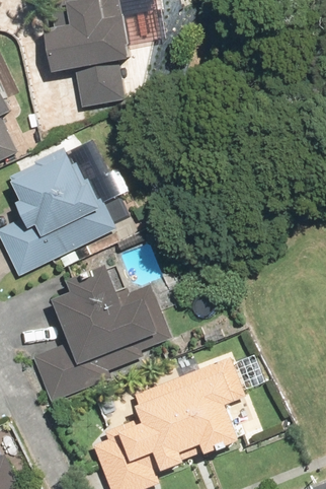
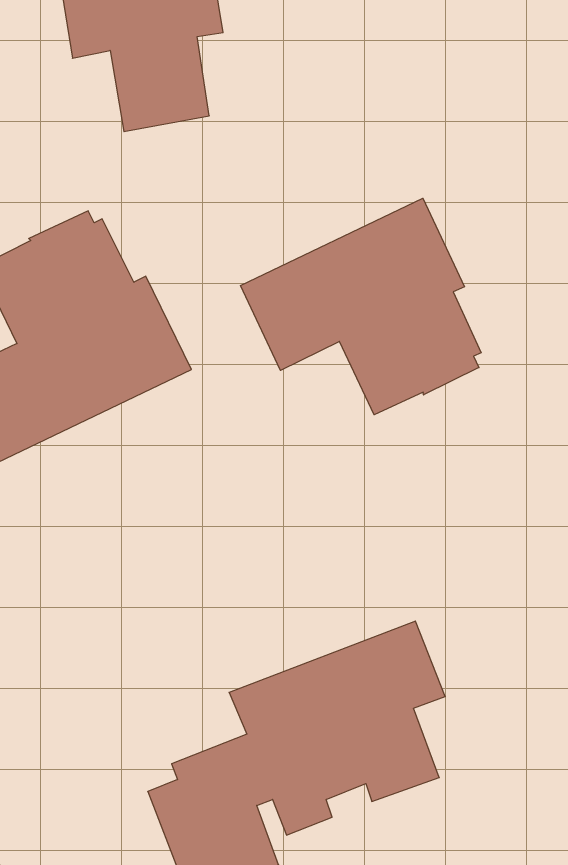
building: none -> [240,198,481,415]
building: [32,263,169,402] -> none

